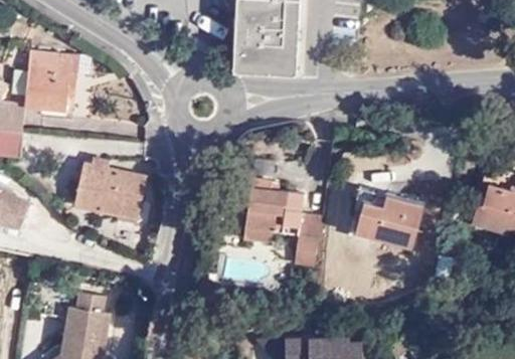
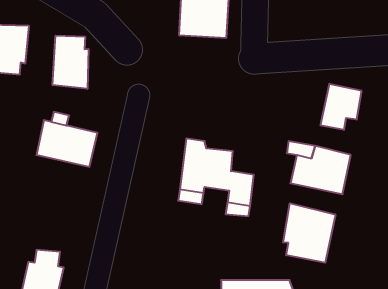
building: none -> [53,36,88,89]
building: none -> [321,84,361,130]
building: none -> [283,203,335,263]

